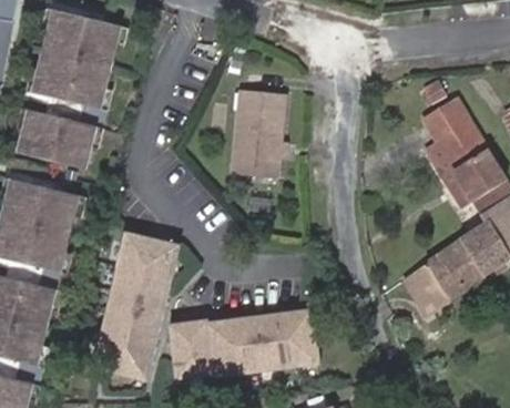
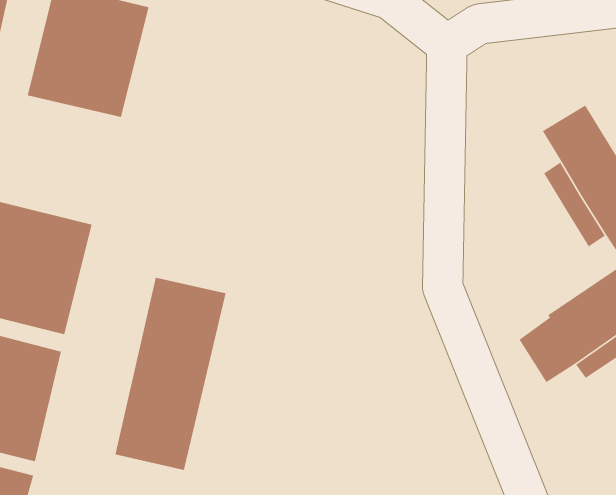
building: [230,90,282,175] -> none
building: [14,109,98,171] -> none
building: [172,306,323,376] -> none

